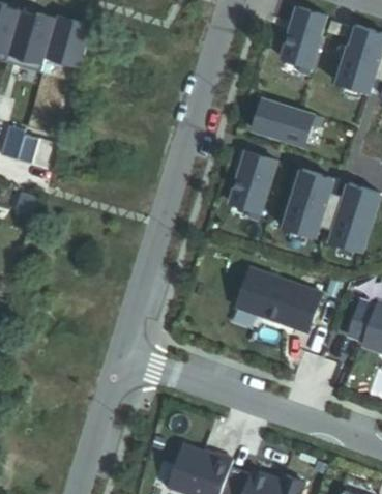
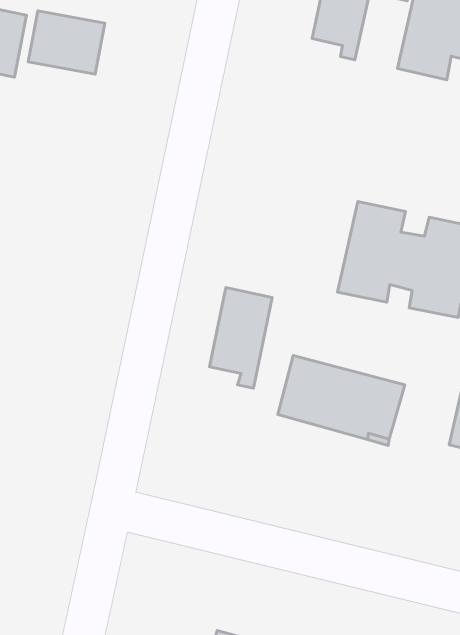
building: none -> [28,11,105,74]
building: [252,99,319,145] -> none
building: [229,151,274,220] -> [209,288,272,388]

